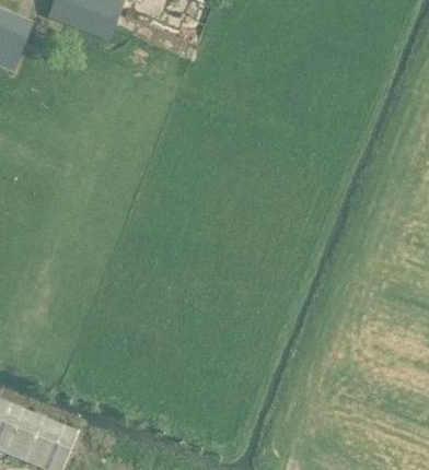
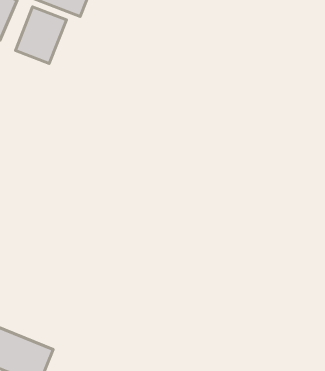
building: none -> [15,7,66,64]

